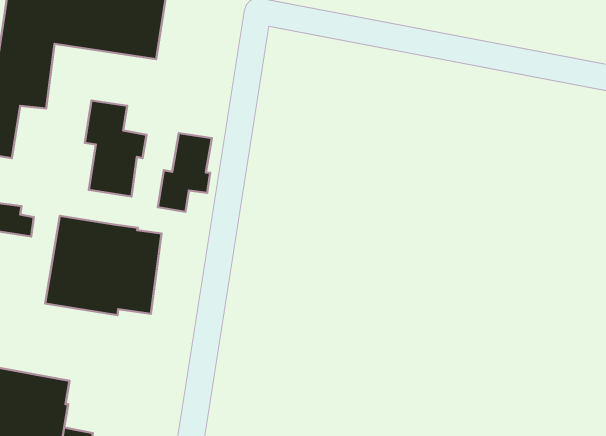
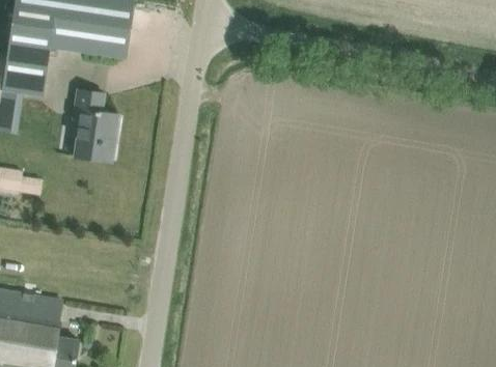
building: [158,133,212,212] -> none
building: [45,216,161,315] -> none

